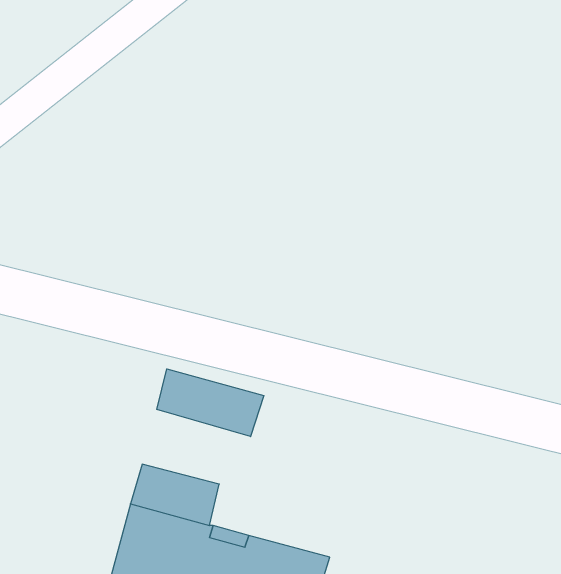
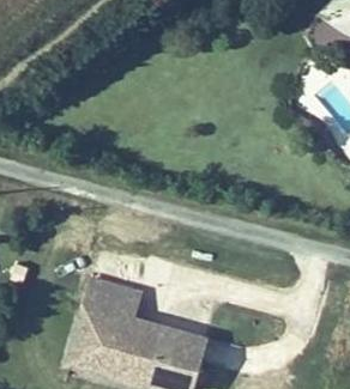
building: [157,369,264,437] -> none

